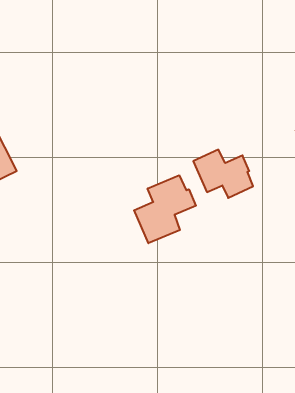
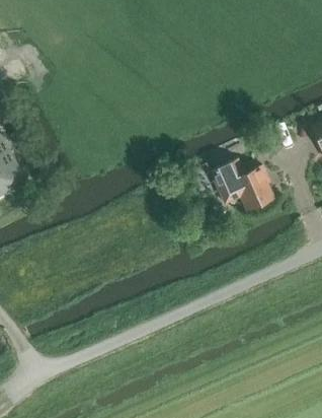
building: [134,175,196,243] -> none

